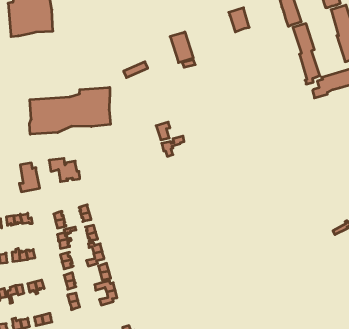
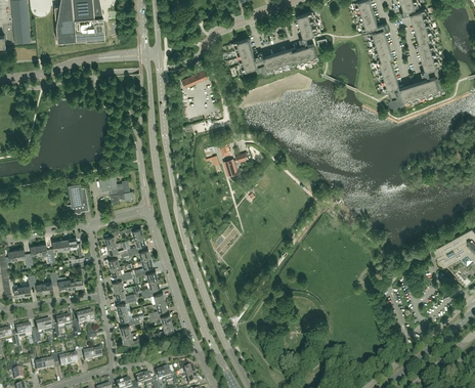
building: none -> [263,43,319,73]
building: [29,87,110,134] -> none

